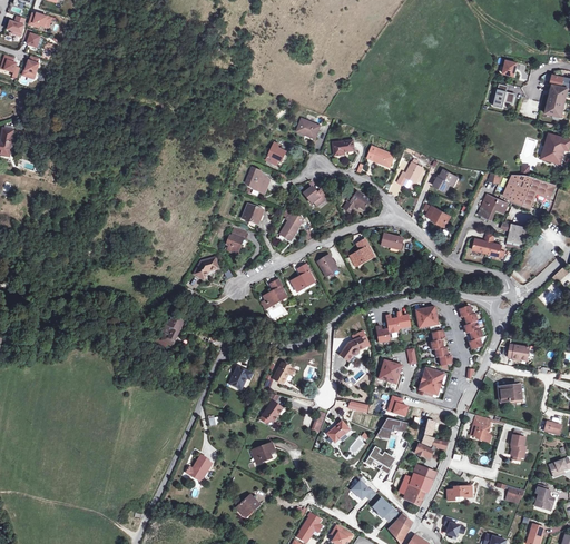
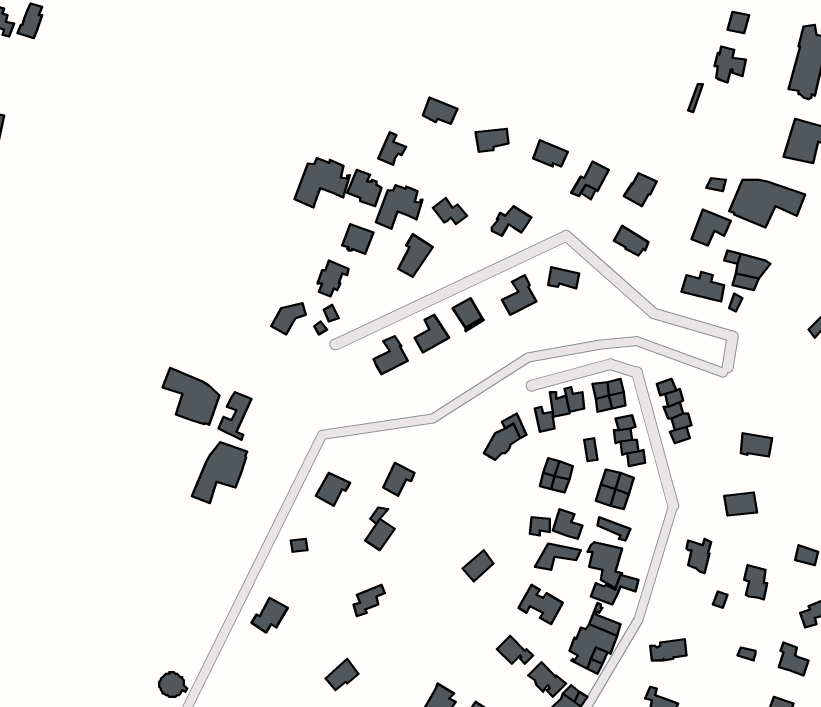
building: none -> [294,158,350,207]
building: none -> [376,185,423,229]
building: none -> [163,368,220,425]
building: none -> [192,442,247,503]

